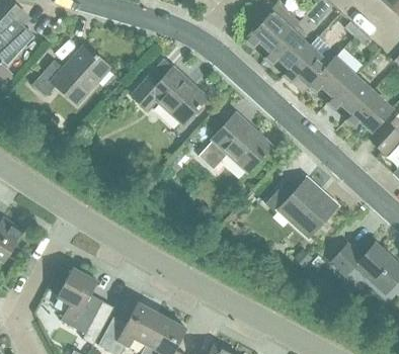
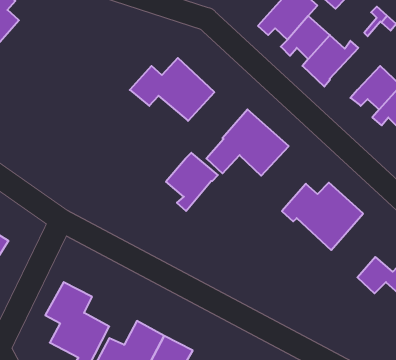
building: [32,47,110,105] -> none
building: [309,60,353,97] -> none
building: none -> [166,153,218,211]

